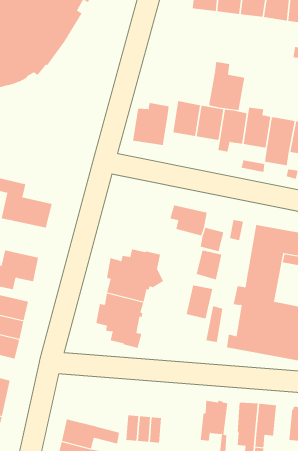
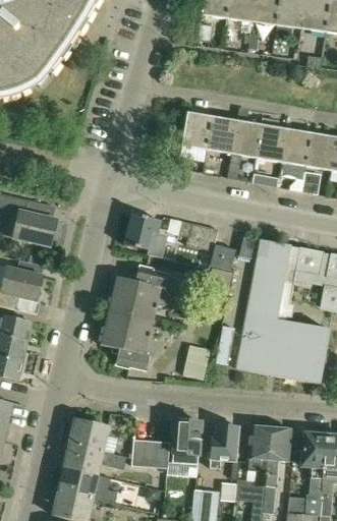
building: [209,61,245,111] -> none
building: [133,102,169,146] -> none
building: none -> [123,213,166,257]
building: [186,285,213,319] -> [181,344,210,380]
building: none -> [69,419,108,451]
building: none -> [172,419,200,463]

